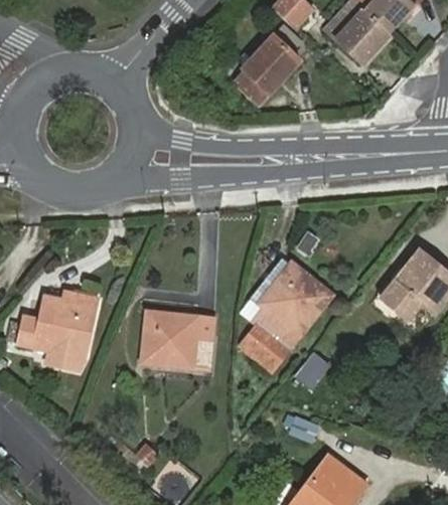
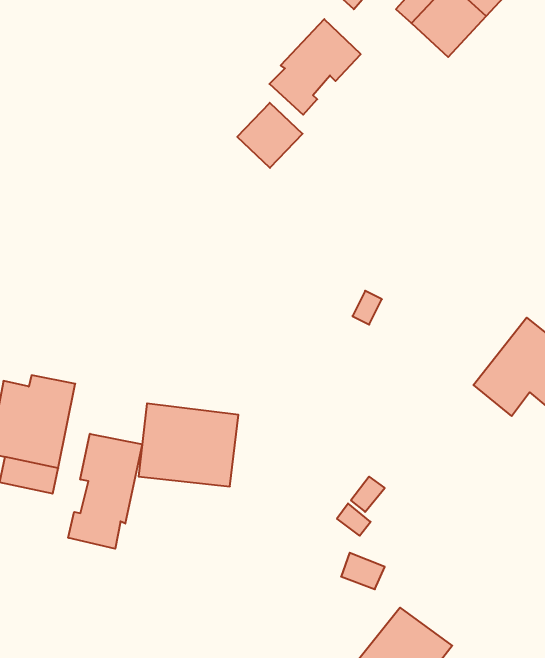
building: none -> [237,103,303,168]
building: [239,257,331,369] -> none
building: none -> [68,434,142,549]

